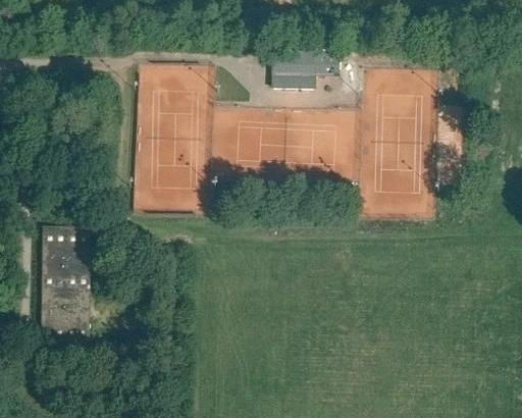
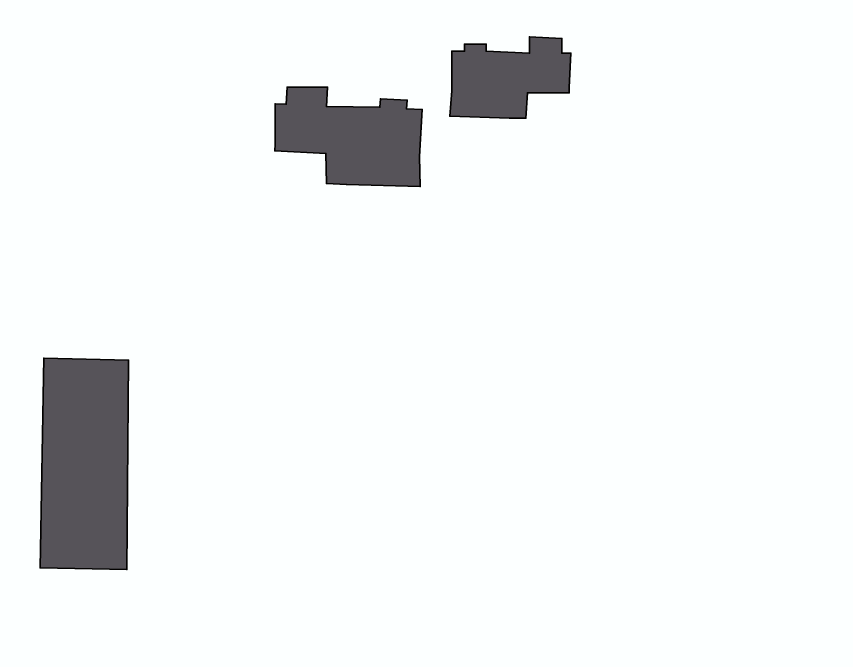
building: none -> [275,87,422,186]

